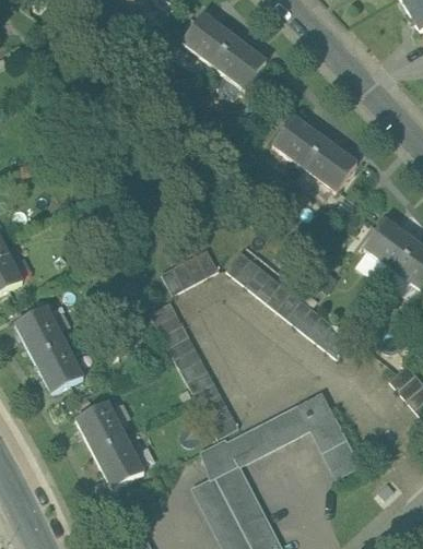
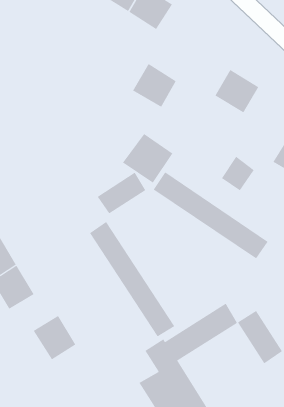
building: [272,116,324,167] -> [132,63,177,107]
building: none -> [122,133,173,184]
building: none -> [221,156,255,191]
building: [298,392,332,427] -> none
building: [94,438,141,487] -> none

